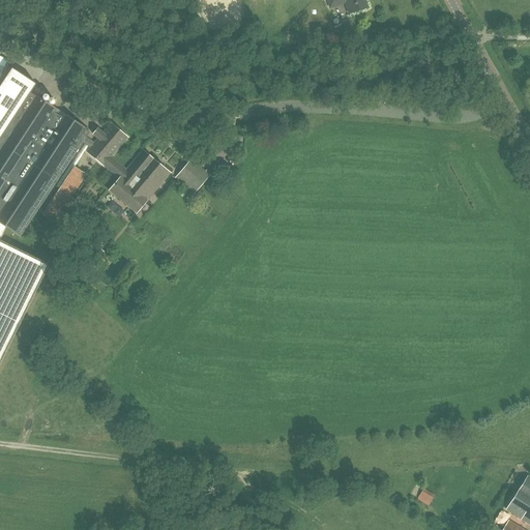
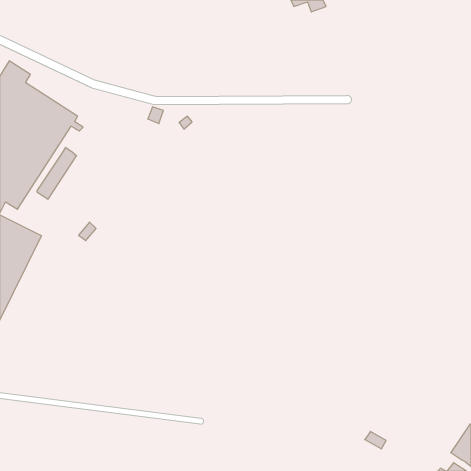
building: [86,123,170,213] -> none
building: [175,157,210,193] -> none

